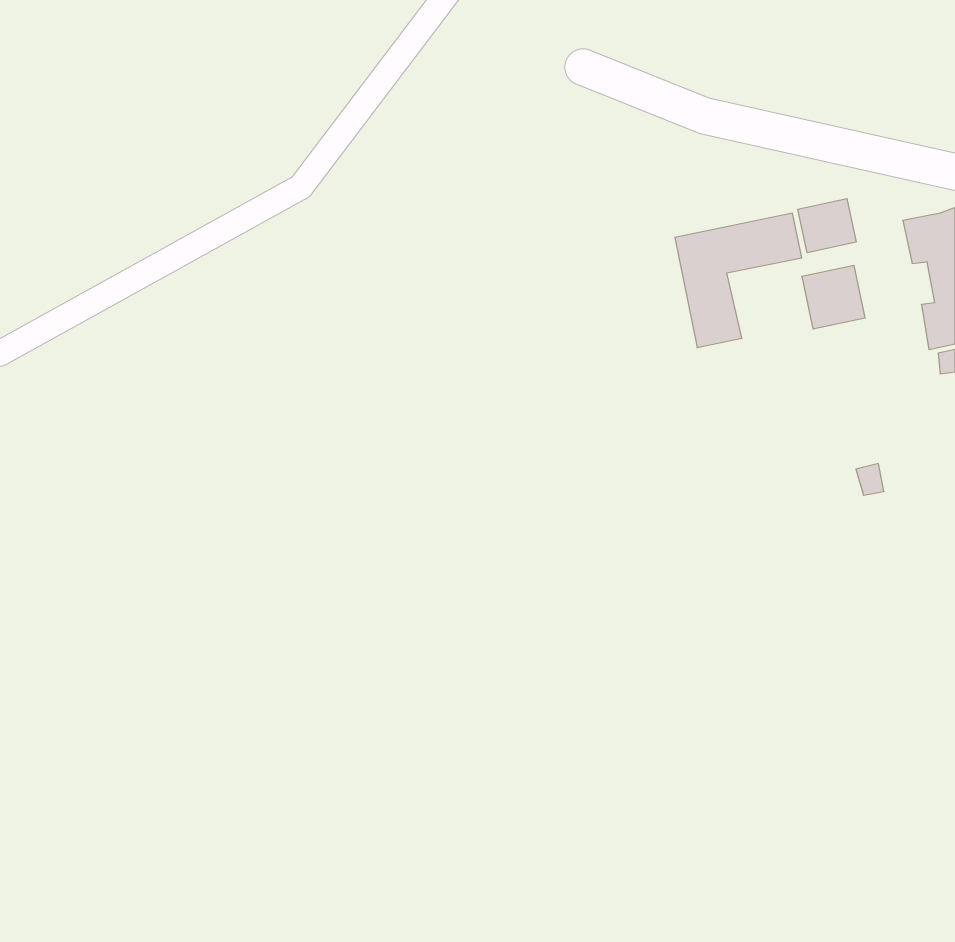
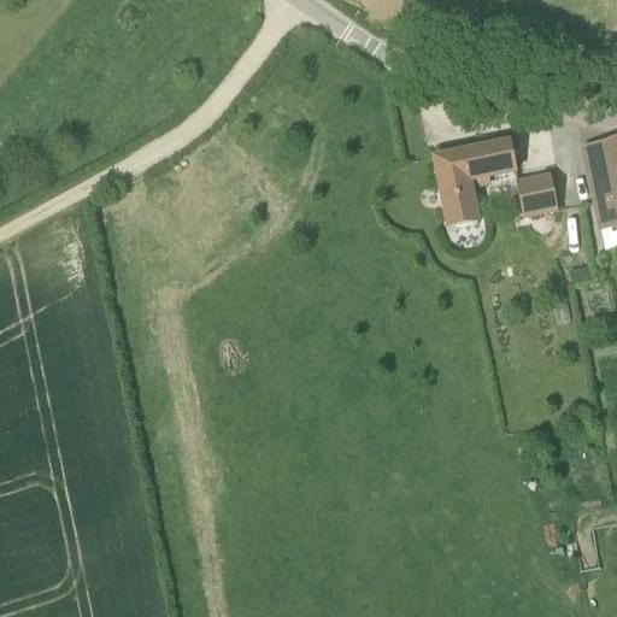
building: [798,199,856,253] -> none

